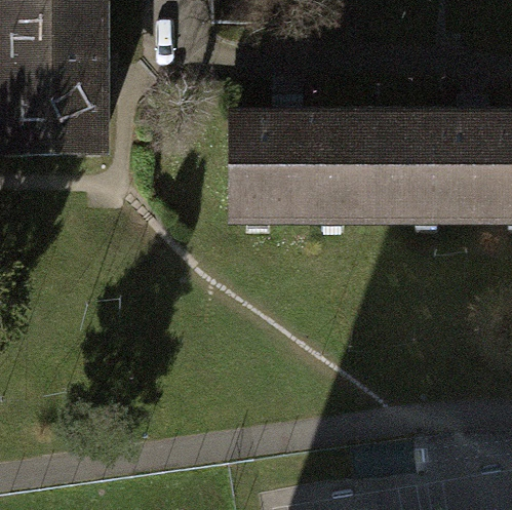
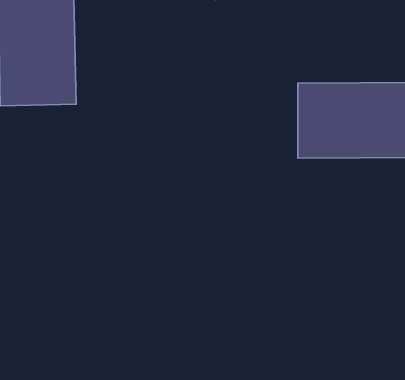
building: [229,118,376,211] -> none

